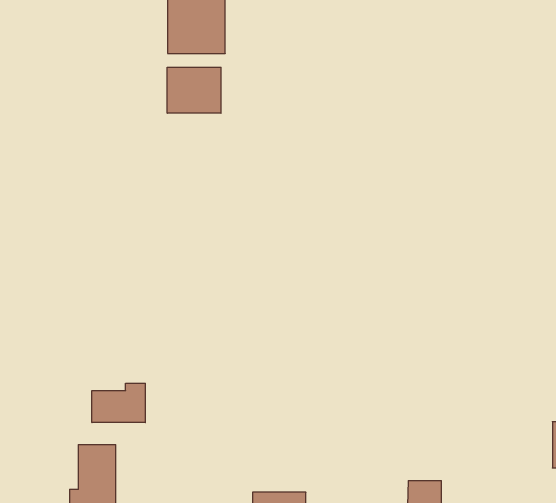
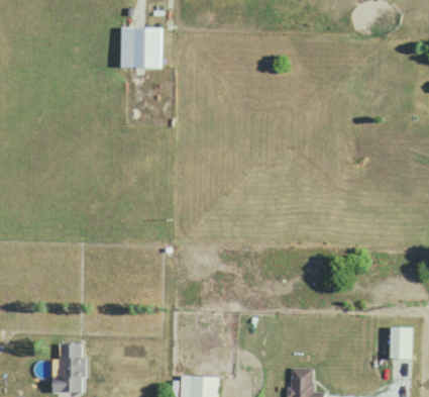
building: [167,67,221,113] -> none
building: [92,383,145,423] -> none

